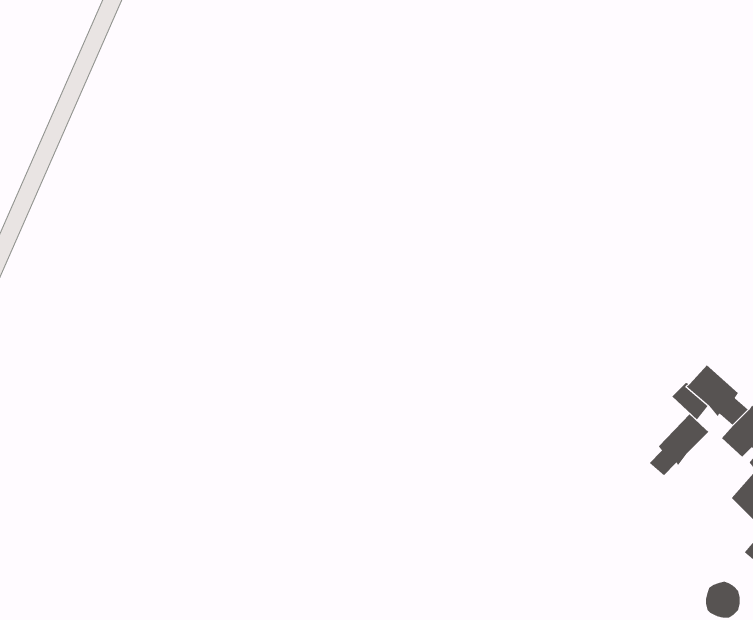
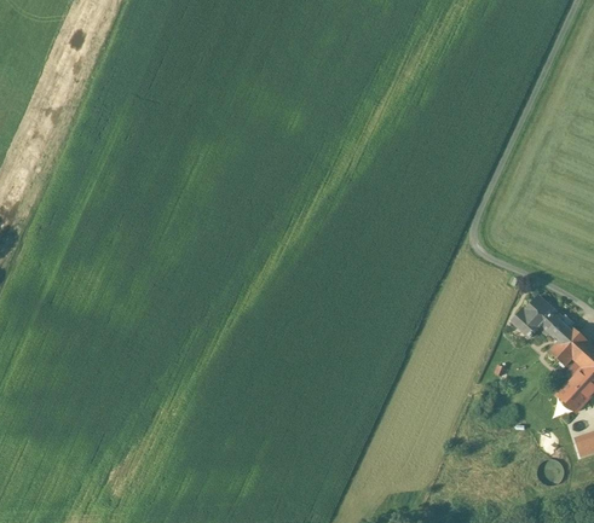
building: [649,413,709,476] -> none

